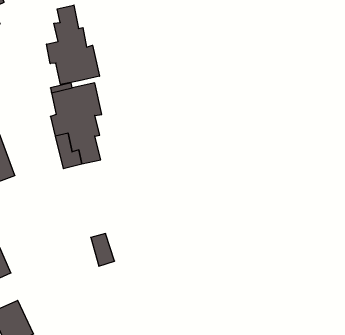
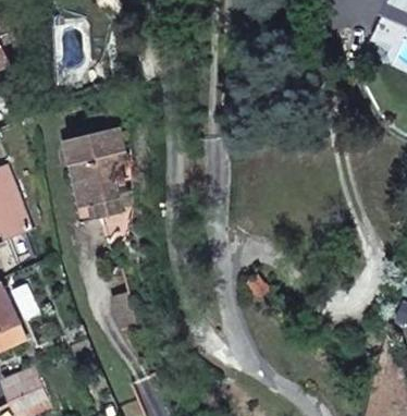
building: [47,5,99,84] -> none

